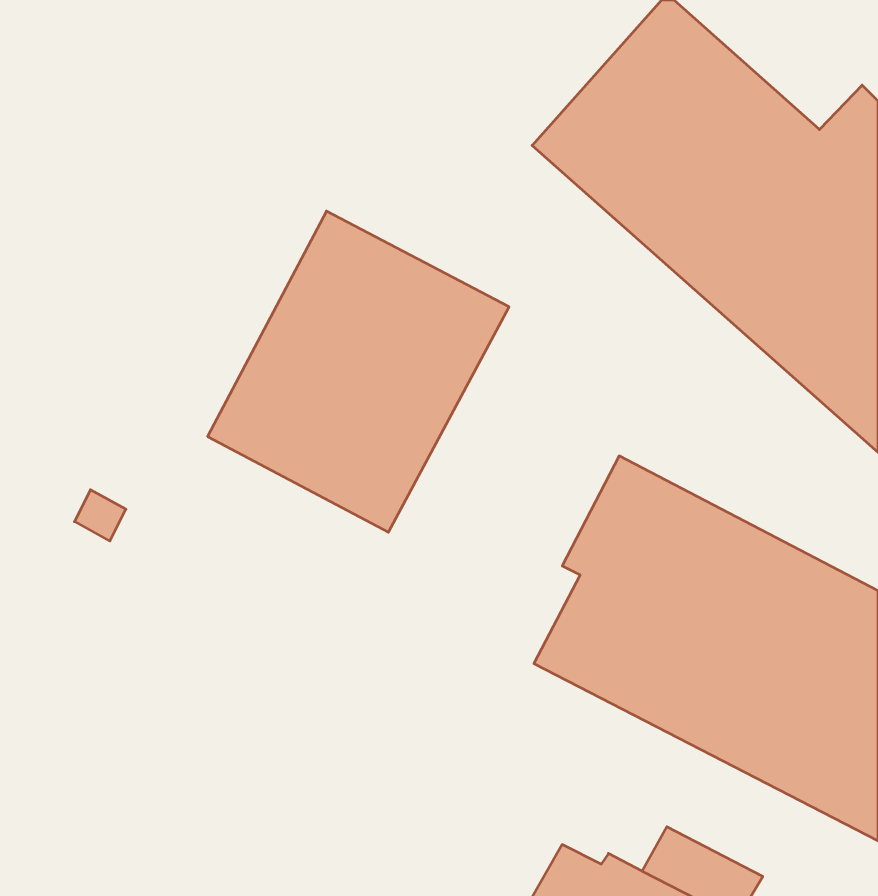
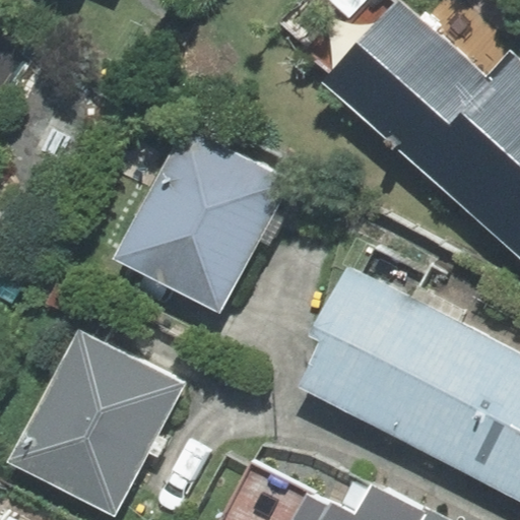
building: none -> [13,330,185,514]

